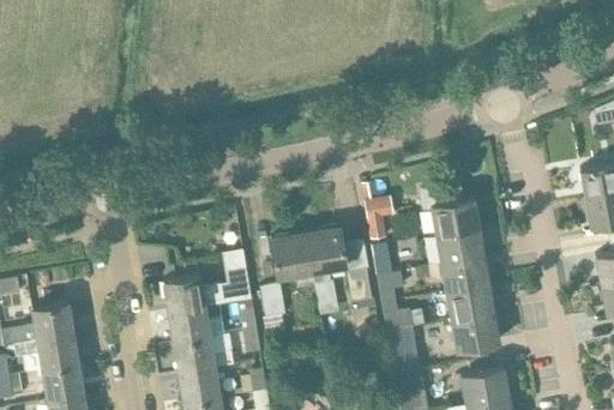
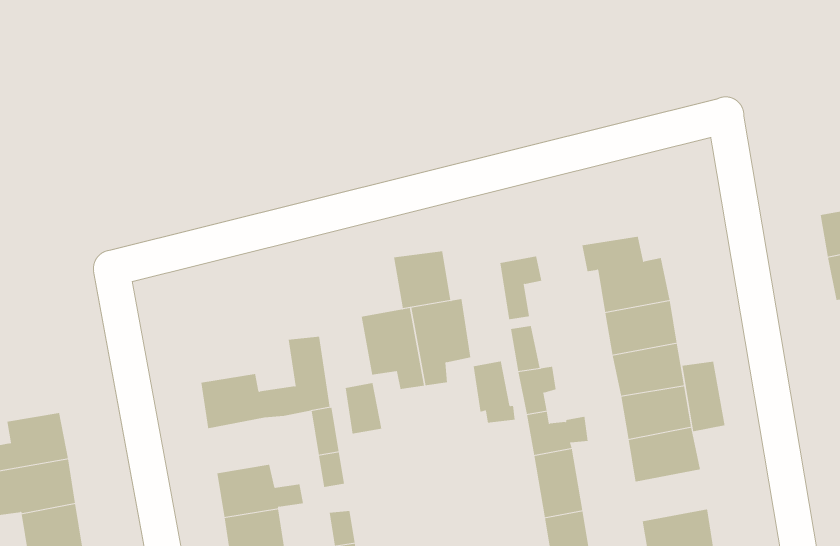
building: none -> [394,250,451,309]
building: none -> [682,361,725,432]
building: [168,307,224,345] -> none

